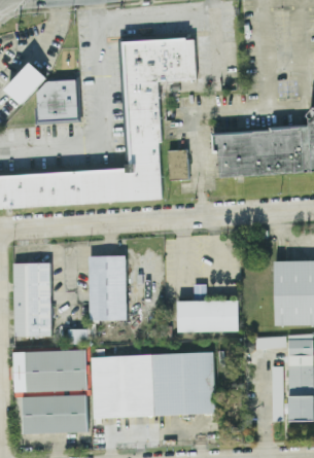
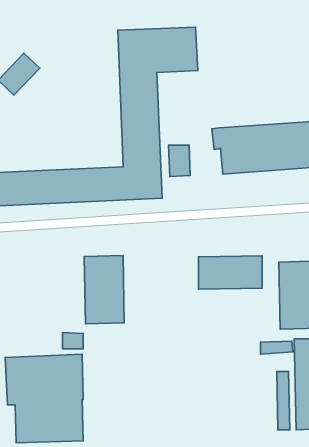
building: [33,78,80,126] -> none
building: [13,262,51,337] -> none
building: [178,300,239,331] -> [198,256,262,289]
building: [92,352,215,417] -> none

